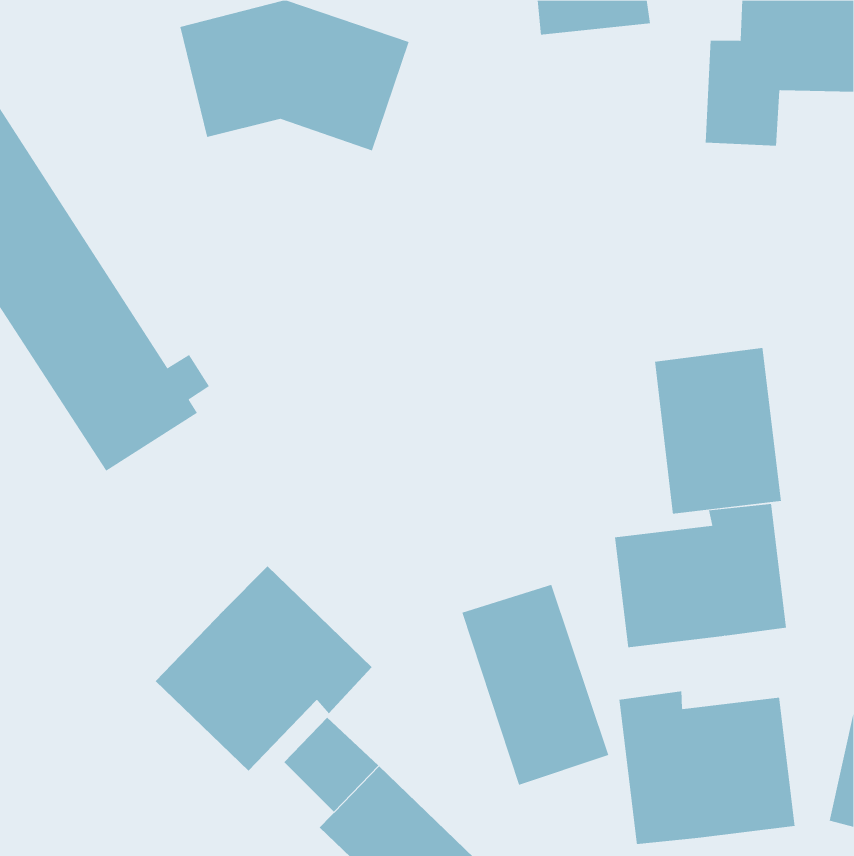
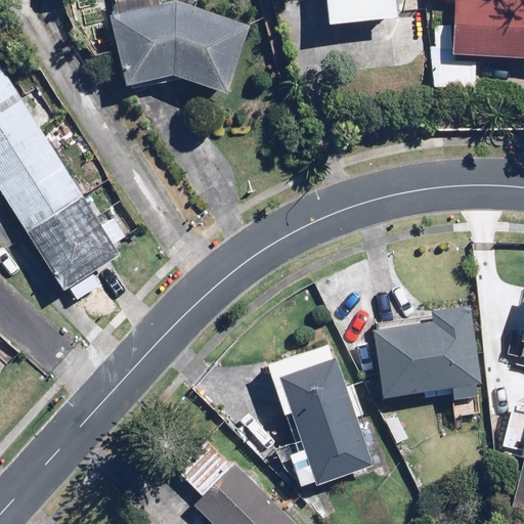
building: [655,347,782,514] -> none
building: [155,566,373,772] -> none
building: [619,690,795,845] -> none

